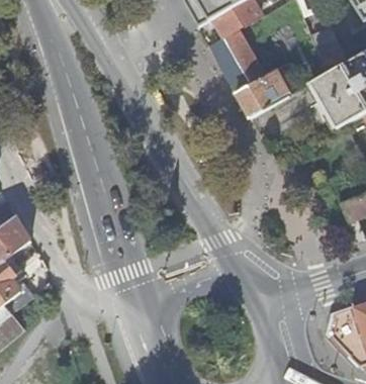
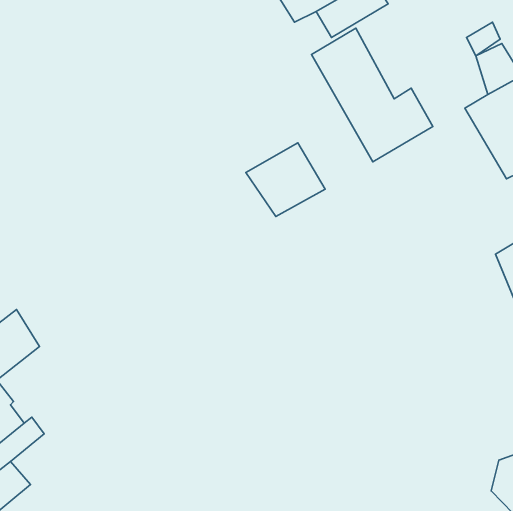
building: none -> [246,143,325,216]

